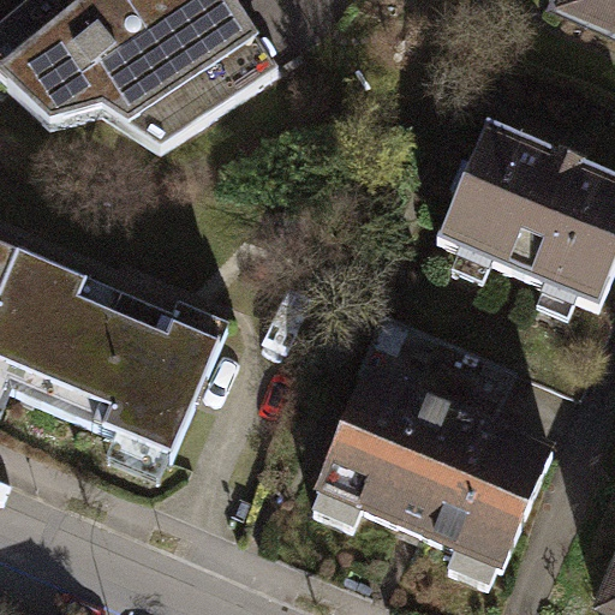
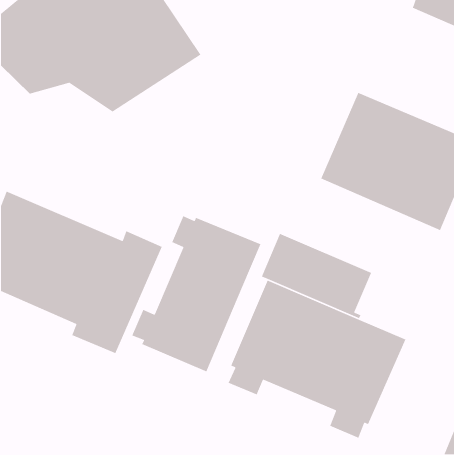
building: none -> [131,215,262,372]

